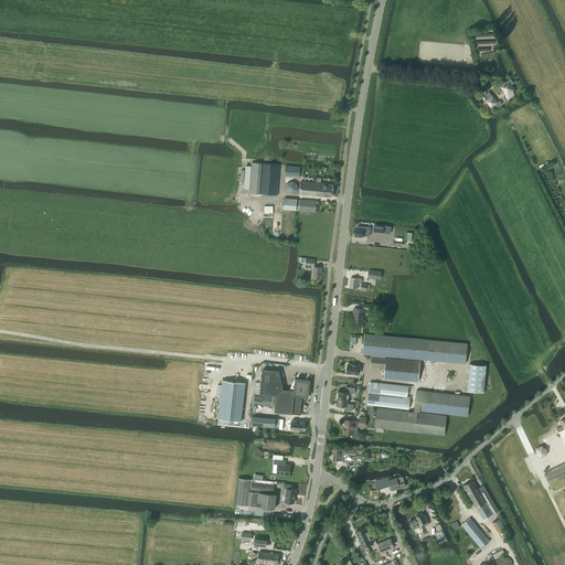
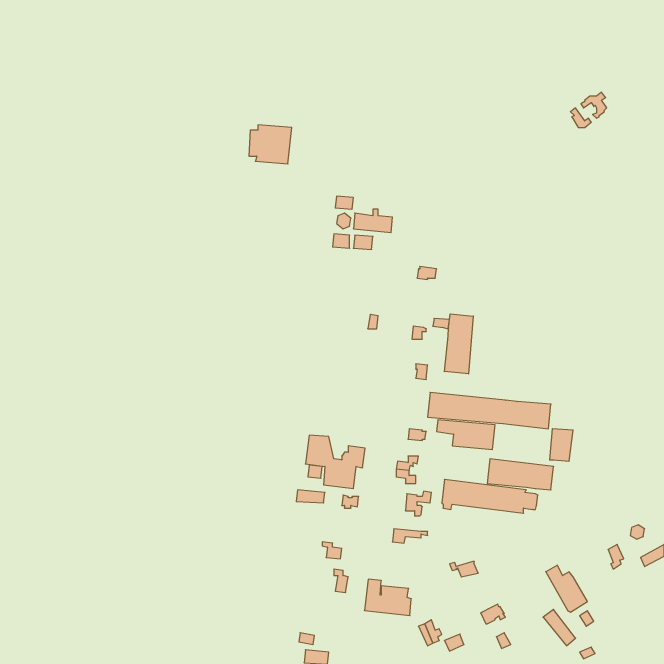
building: [244,162,280,195] -> [249,125,292,164]
building: none -> [444,314,473,374]
building: [216,381,246,422] -> none
building: [367,382,415,411] -> none
building: [236,478,276,509] -> [364,579,411,616]

